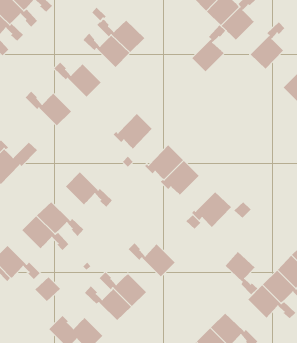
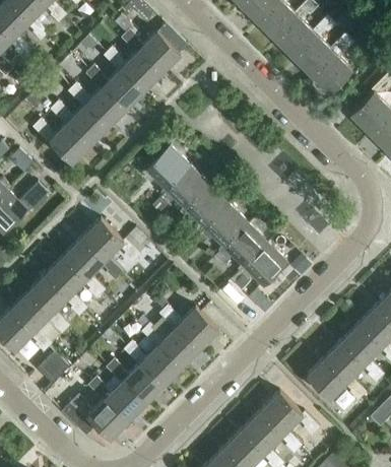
building: [192,24,226,72] -> [292,15,335,74]
building: none -> [85,65,144,109]
building: none -> [50,101,109,144]
building: none -> [160,165,209,210]
building: none -> [218,223,267,267]
building: none -> [65,237,123,280]
building: none -> [11,290,70,334]
building: [225,251,258,295] -> none
building: none -> [141,323,200,366]
building: none -> [88,377,146,420]

